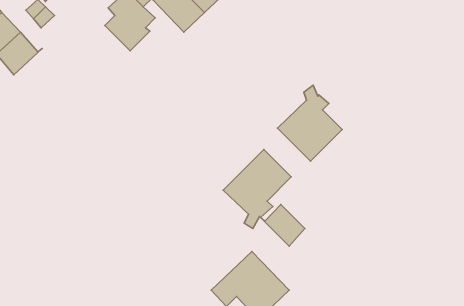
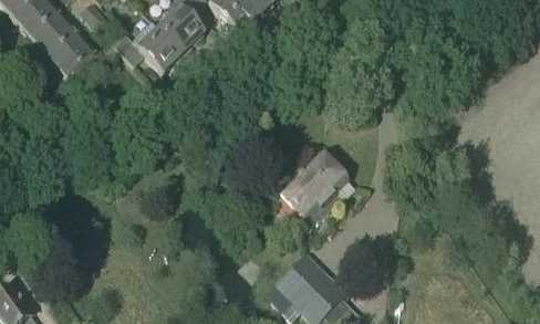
building: none -> [115,27,185,72]
building: [278,85,342,161] -> none
building: [261,205,305,246] -> none

